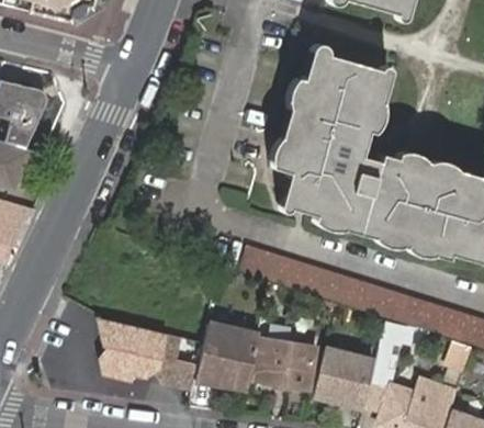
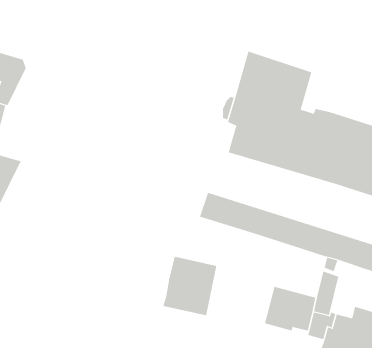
building: [297,52,382,109] -> none
building: [104,318,203,387] -> none
building: [260,337,320,388] -> none

